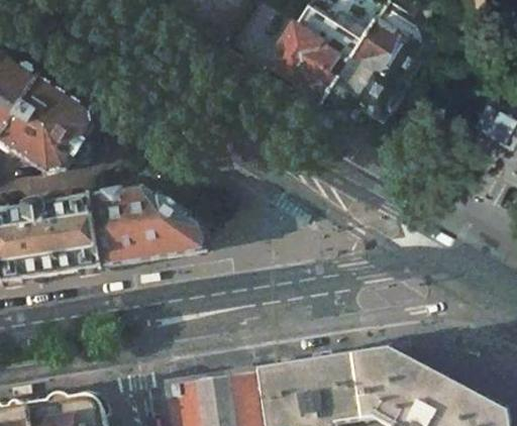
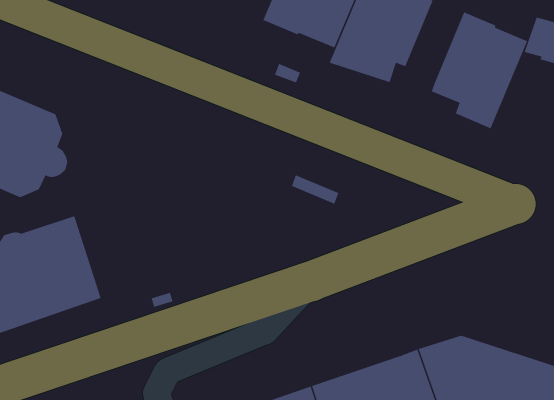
building: none -> [431,11,528,129]
building: [88,186,213,265] -> none

